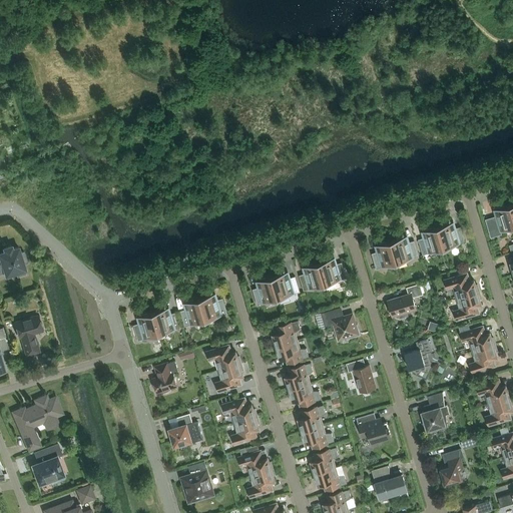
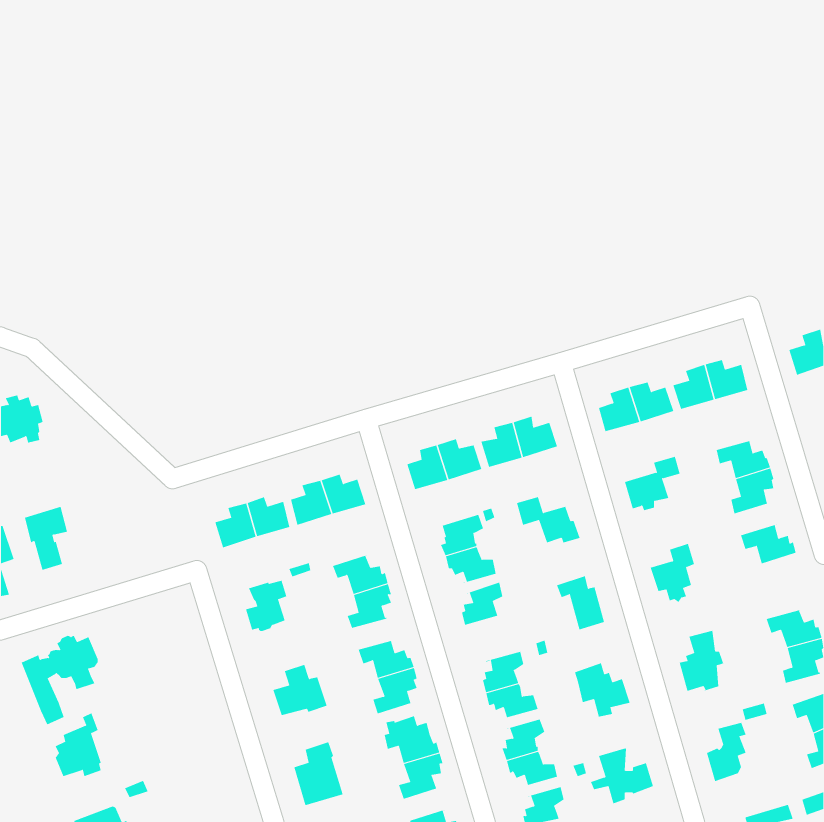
building: [470,345,497,374] -> none
building: [289,384,322,406] -> none

